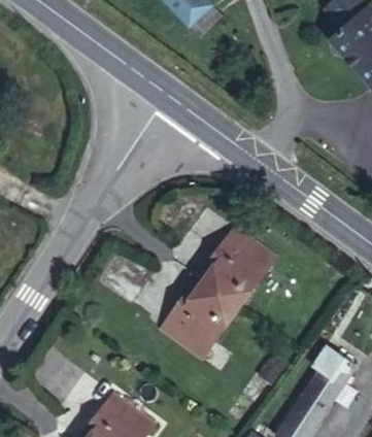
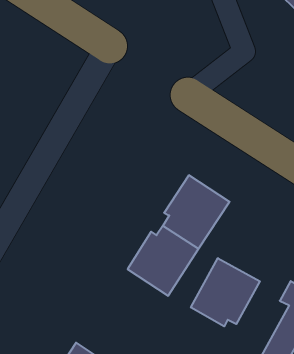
building: none -> [191,258,260,326]

